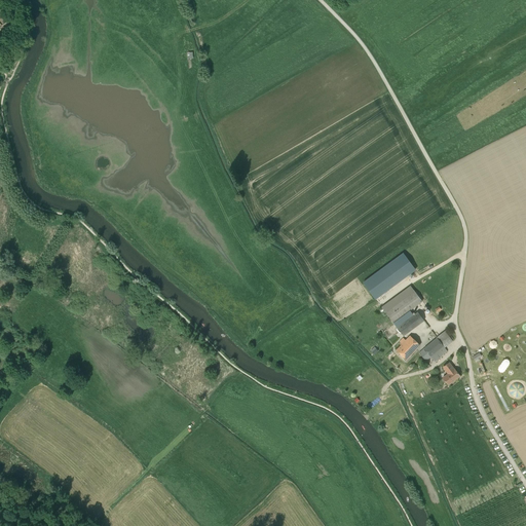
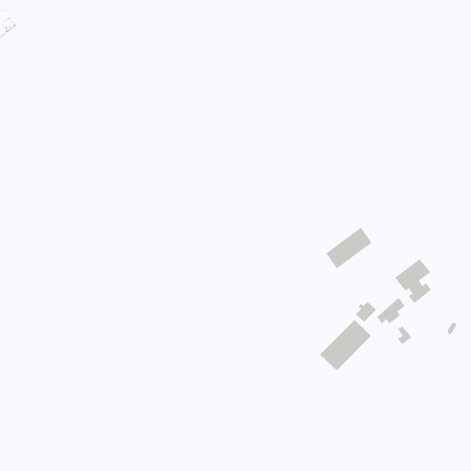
building: [381,286,423,336] -> [394,258,432,304]
building: none -> [319,319,372,371]

